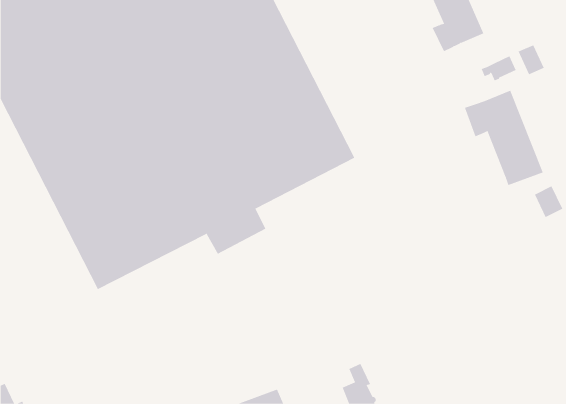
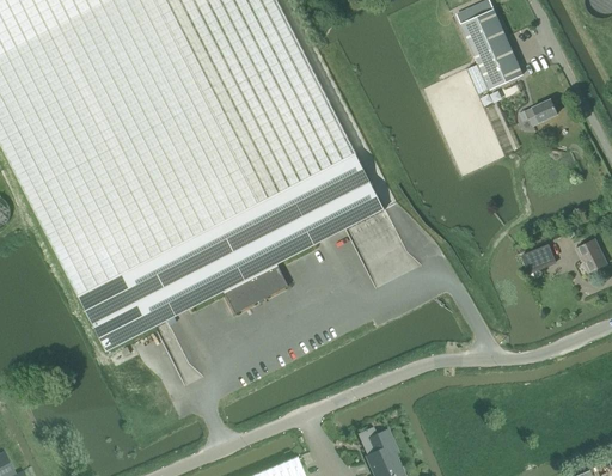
building: [518,44,545,75] -> none
building: [464,90,544,186] -> none
building: none -> [520,243,553,271]

